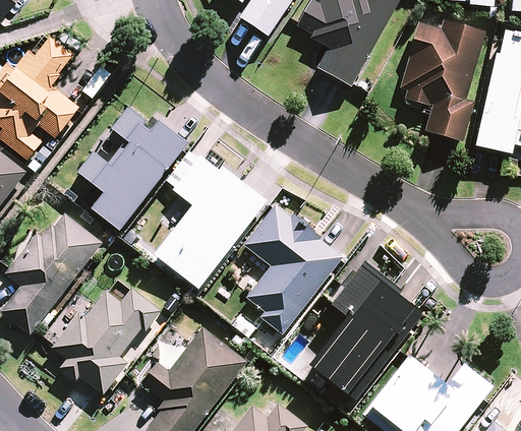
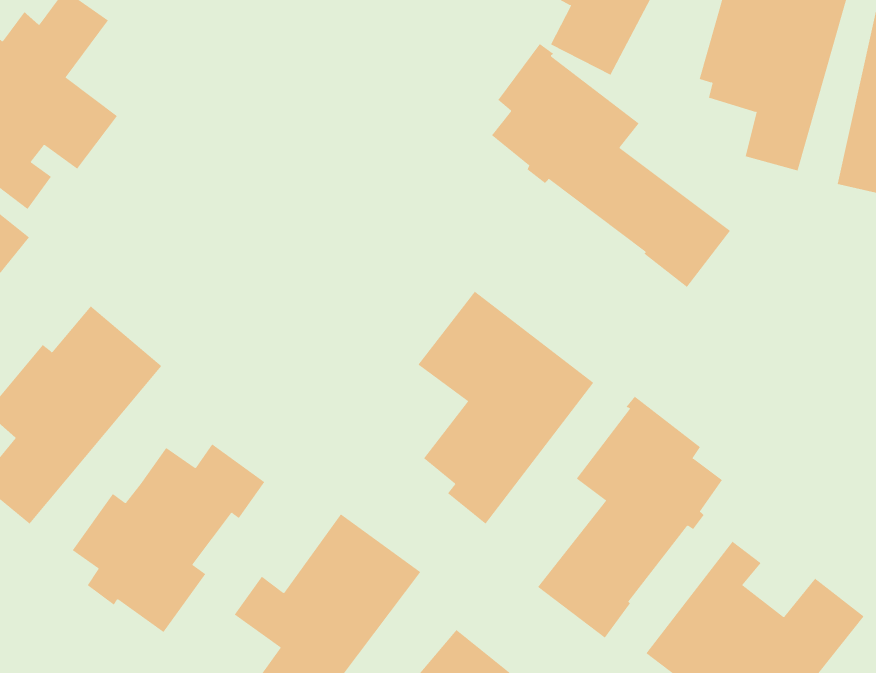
building: none -> [491,43,731,288]
building: [77,108,188,231] -> none
building: [155,153,266,288] -> none

